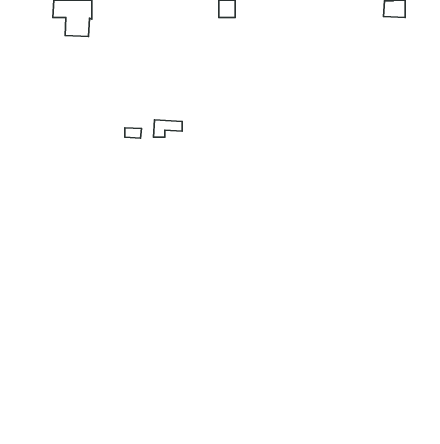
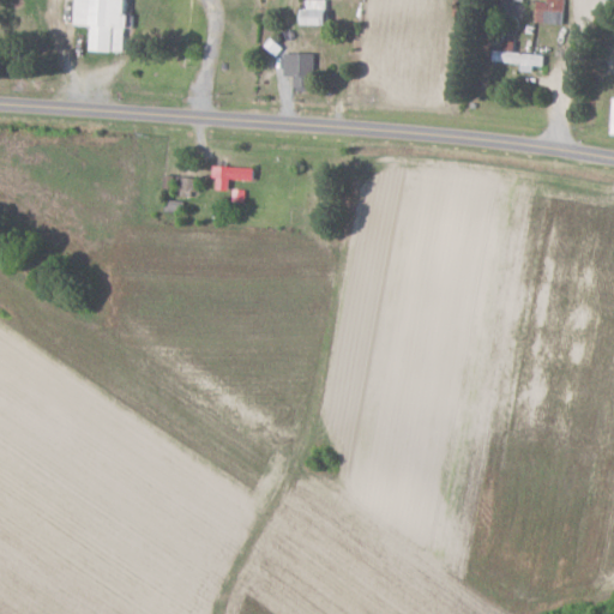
building: none -> [492,41,542,72]
building: none -> [281,53,311,91]

